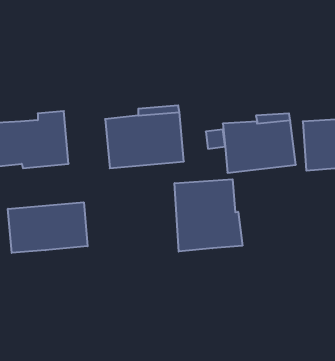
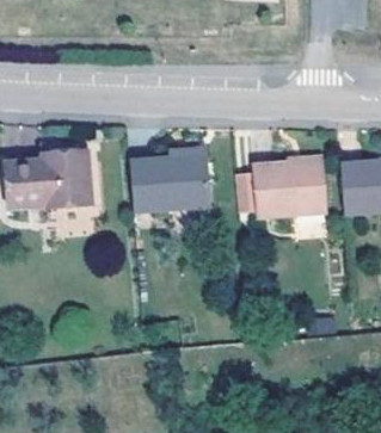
building: [175,179,242,252] -> none
building: [8,202,88,253] -> none

